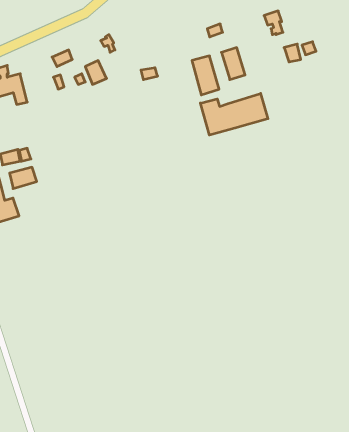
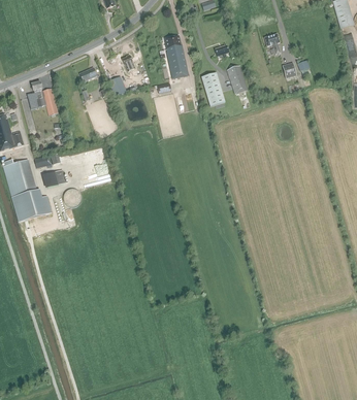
building: none -> [165,35,188,78]
building: [200,93,268,135] -> none

